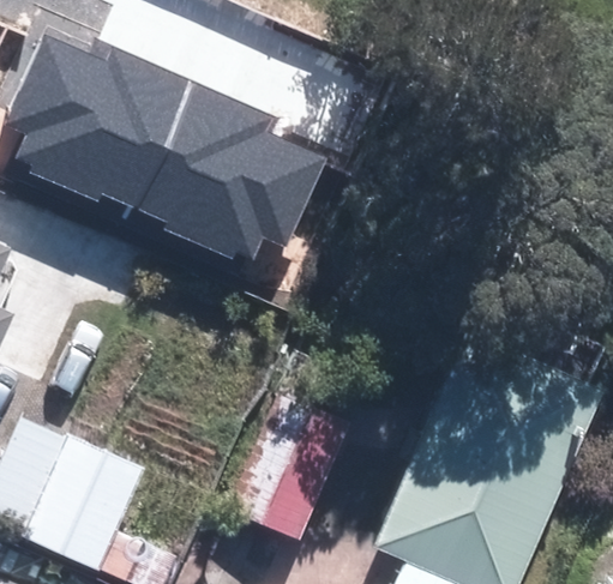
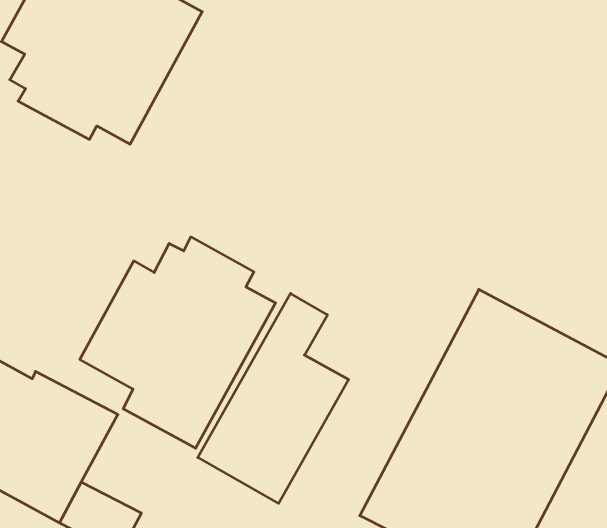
building: [133,82,324,267] -> none
building: none -> [80,237,276,448]

